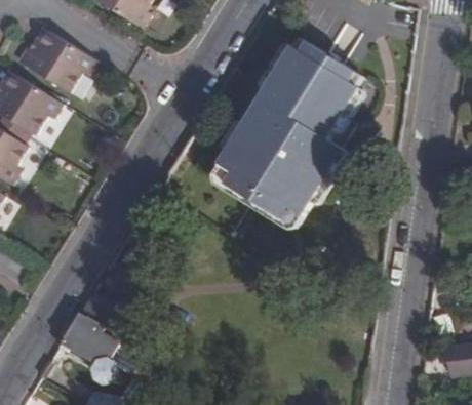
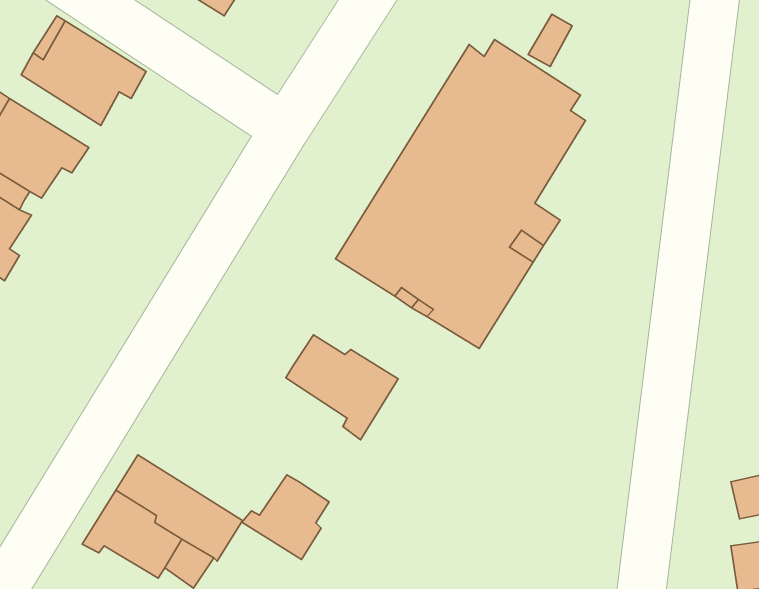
building: none -> [286,335,398,440]
building: none -> [242,475,329,559]

